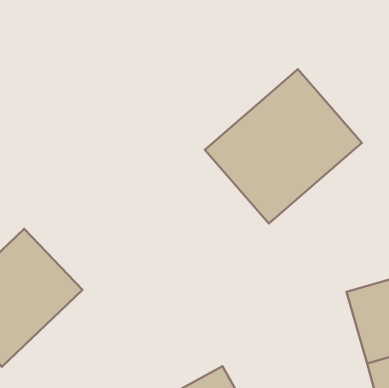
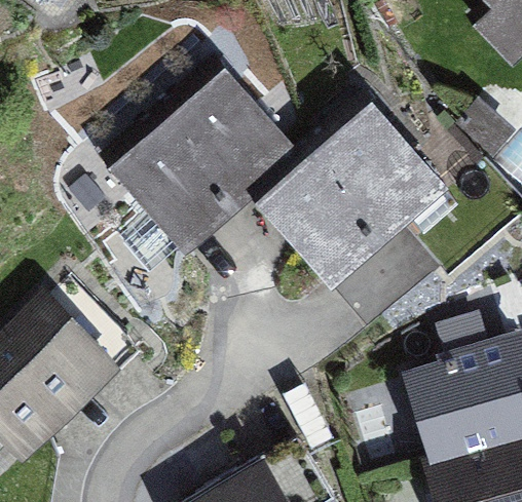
building: none -> [109,75,291,253]

